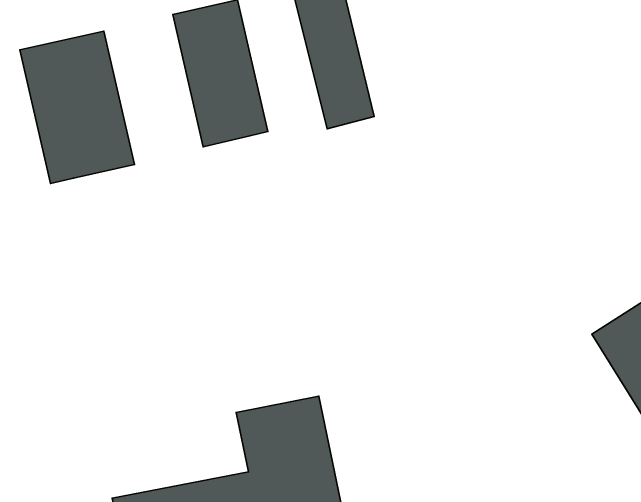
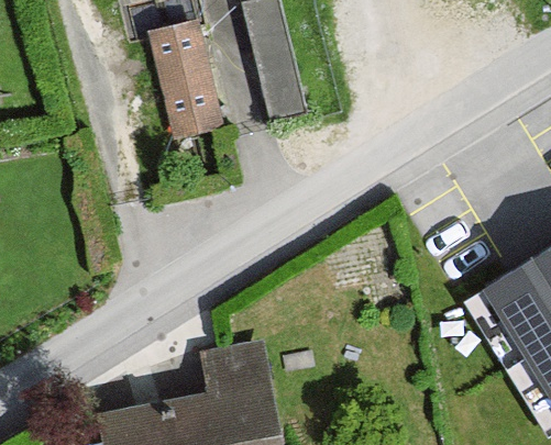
building: [20,31,134,184] -> none

